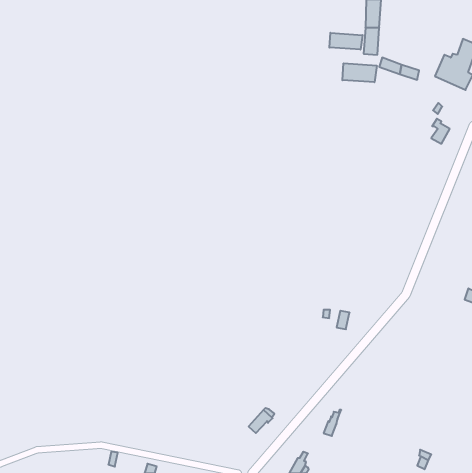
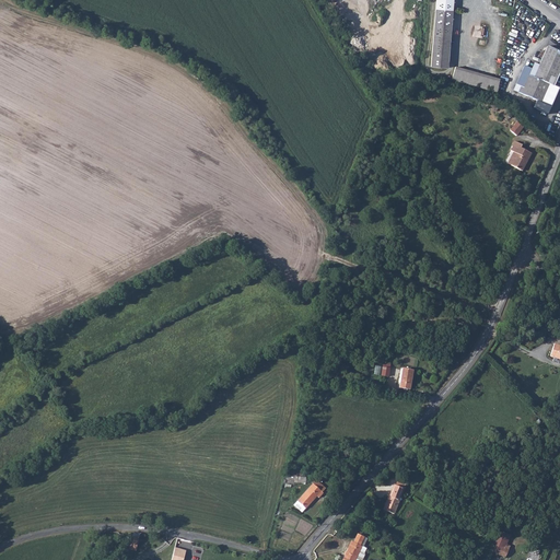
building: [329,33,363,50] -> none
building: [342,63,377,82] -> none

